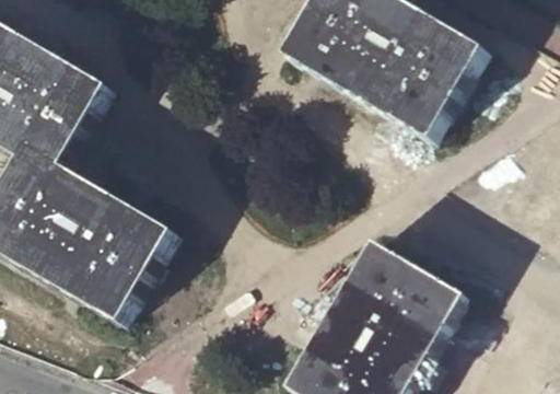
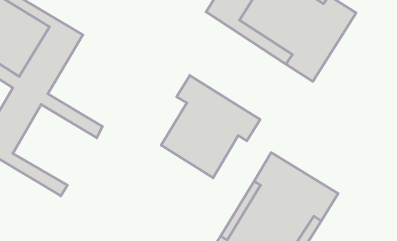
building: none -> [161,75,260,178]
building: [21,177,177,322] -> none

